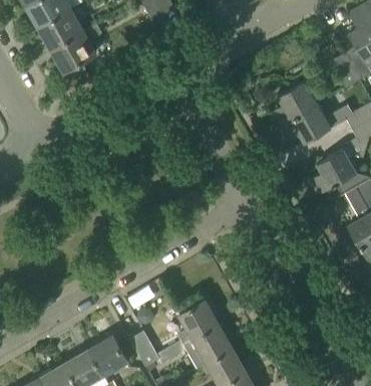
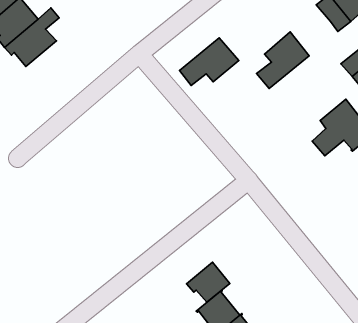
building: [277,105,331,143] -> [180,38,239,85]
building: none -> [187,262,230,302]

